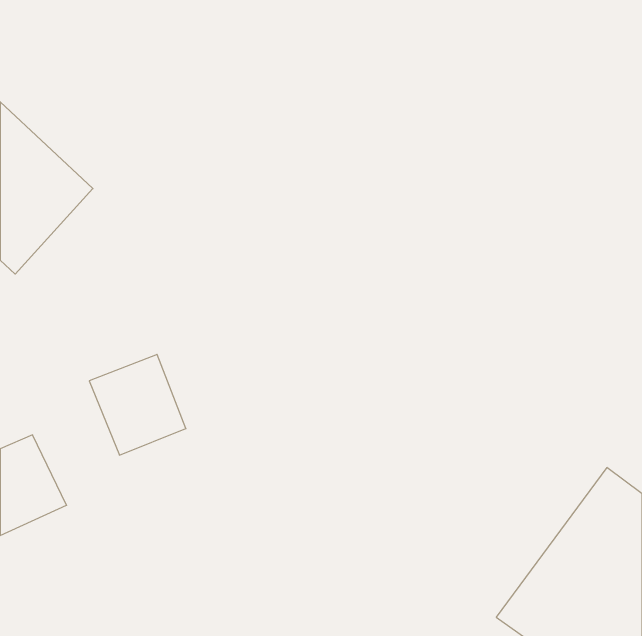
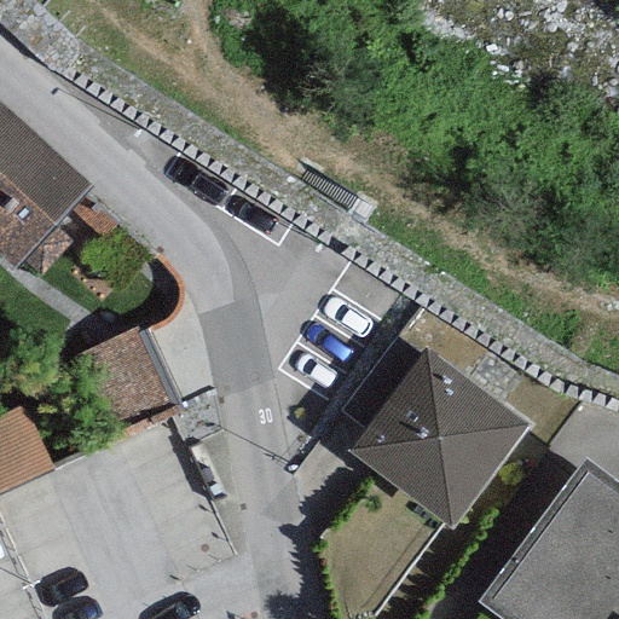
building: none -> [349,347,530,527]

